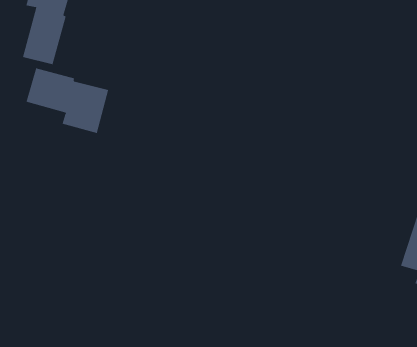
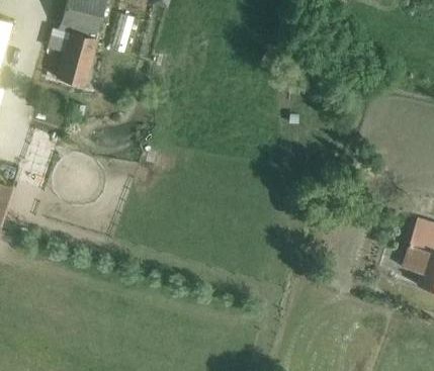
building: [26,67,109,134] -> none

